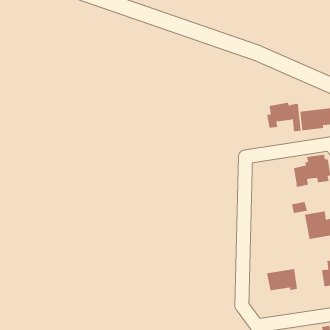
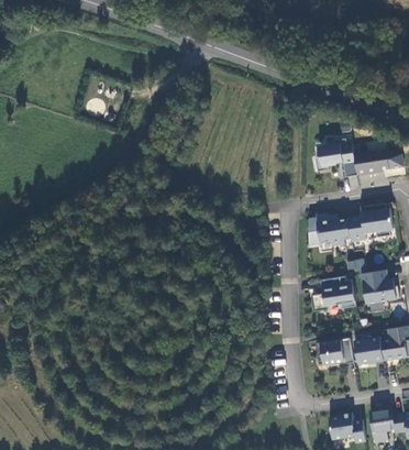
building: none -> [308,213,351,245]
building: none -> [311,276,355,311]
building: none -> [354,337,384,363]

